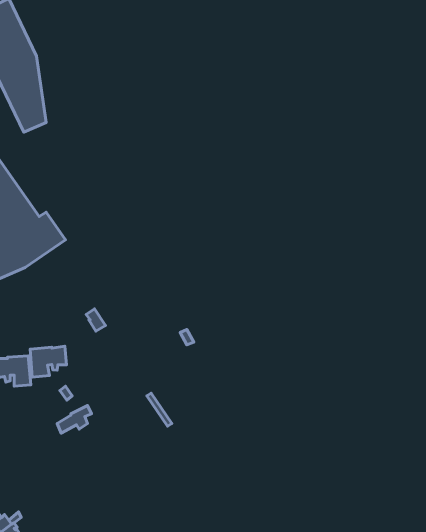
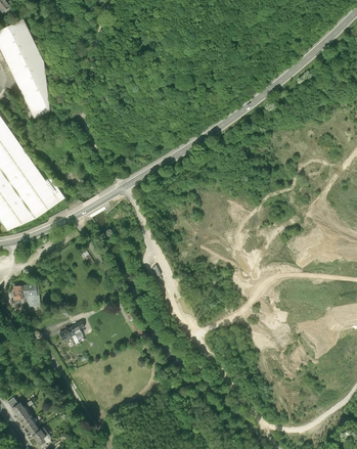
building: [30,346,67,377] -> none

